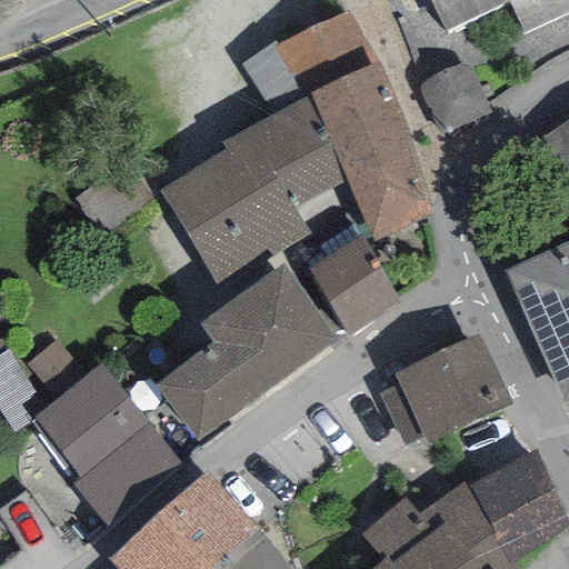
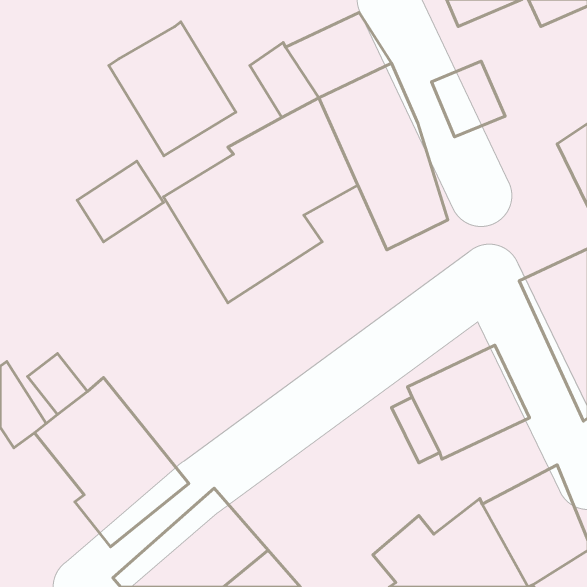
building: none -> [109,22,236,156]
building: [310,236,399,337] -> none
building: [156,264,339,441] -> none

